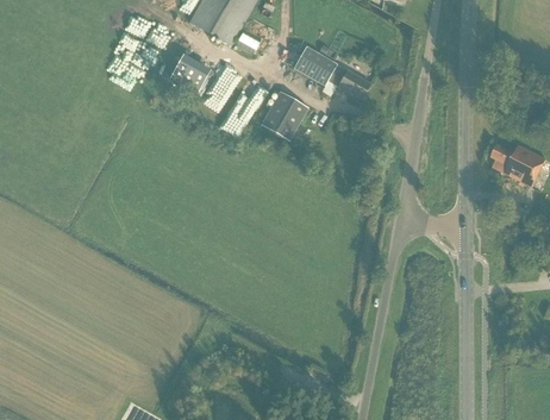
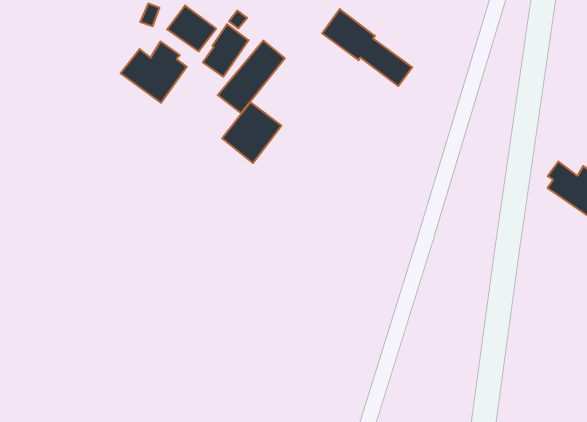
building: none -> [121,41,187,103]
building: [261,92,307,140] -> [222,102,281,163]

